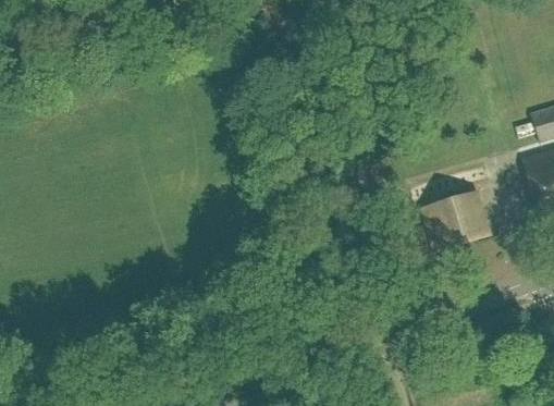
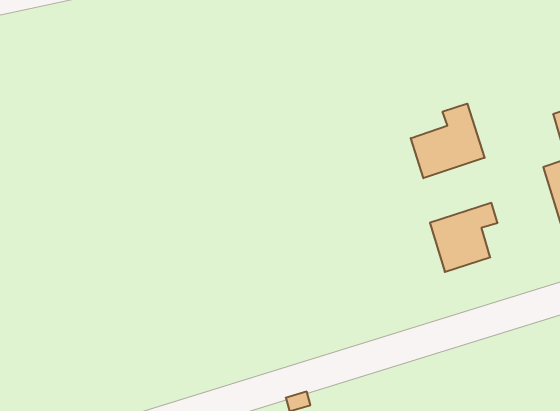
building: none -> [411,104,485,178]

